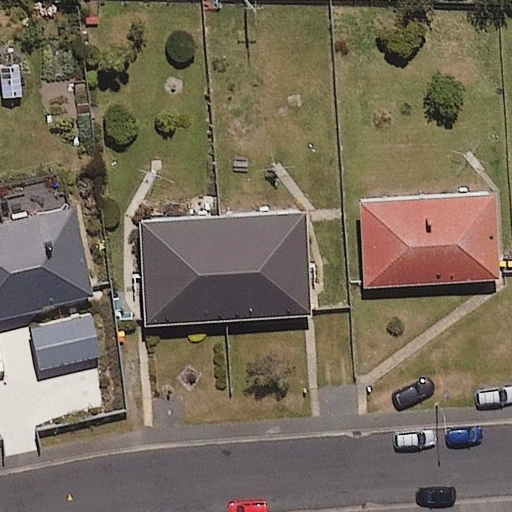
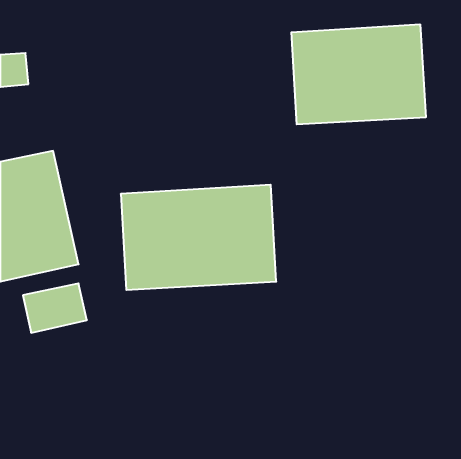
building: none -> [291,24,426,124]
building: [359,193,498,290] -> none

